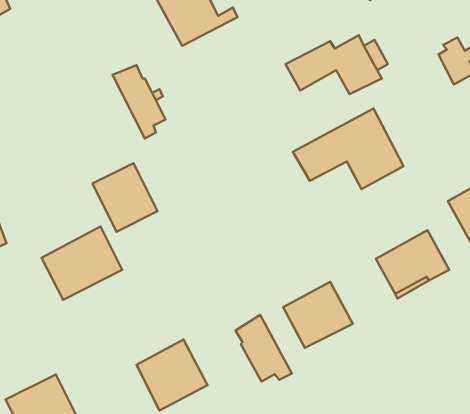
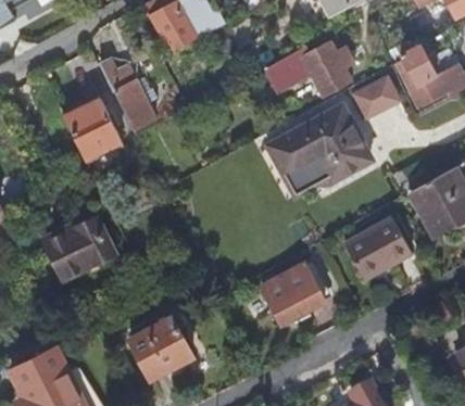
building: none -> [362,69,404,111]
building: [93,163,157,232] -> [62,99,121,161]
building: [236,315,292,382] -> none

